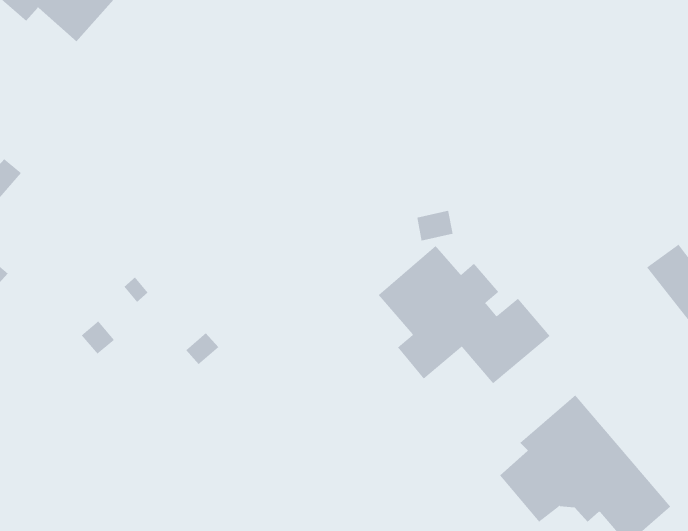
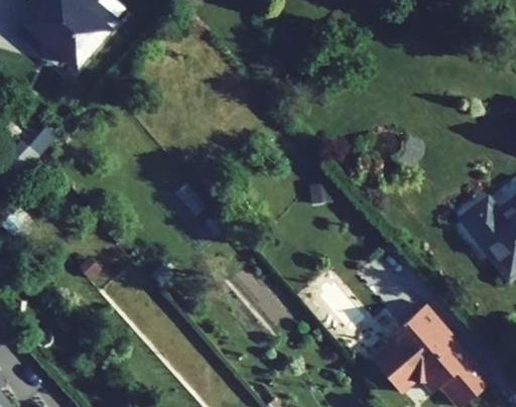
building: [378,245,551,384] -> none

